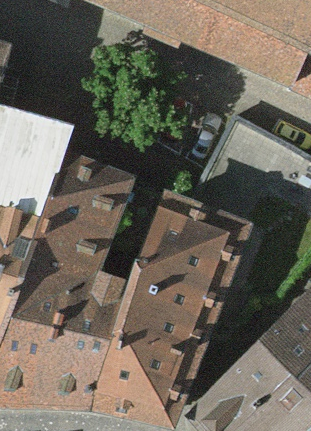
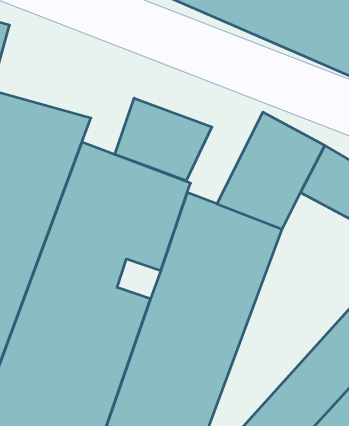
building: none -> [115,98,212,181]

